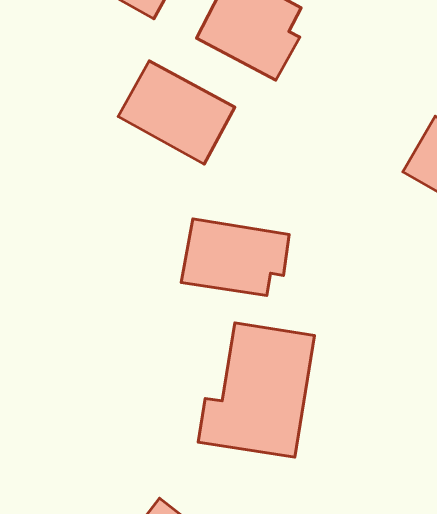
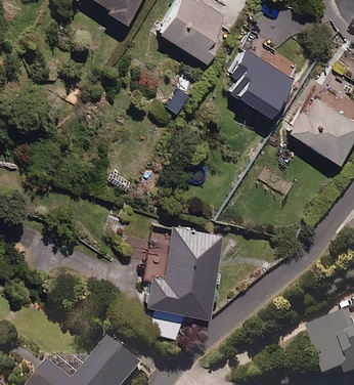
building: [118,61,235,164] -> [218,47,296,118]
building: [181,219,289,296] -> none

